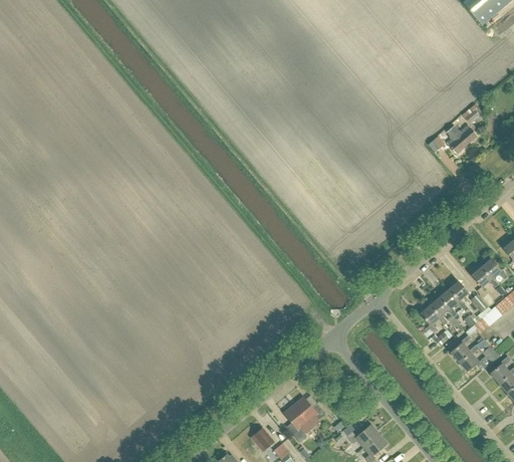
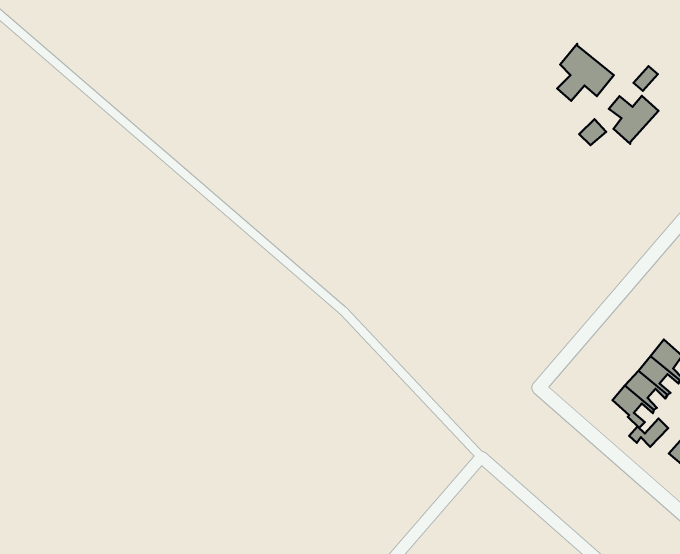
building: none -> [557,44,614,101]

